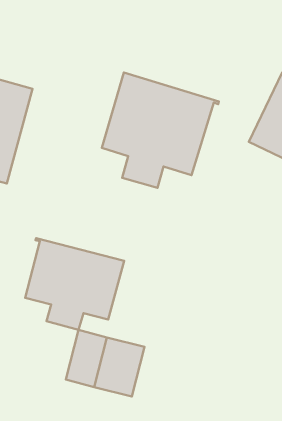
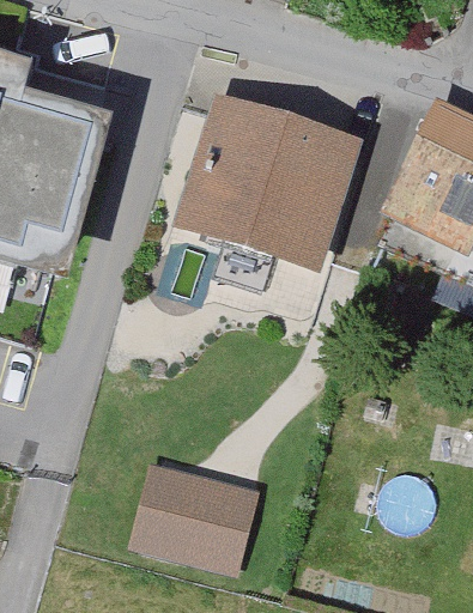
building: [25,238,124,330] -> none

